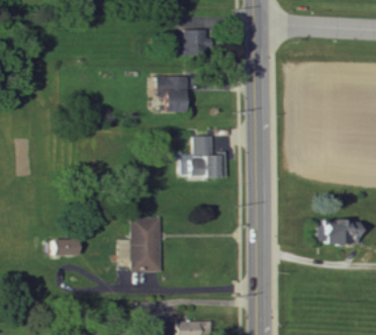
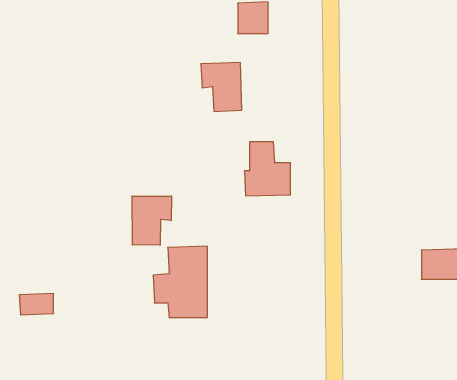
building: none -> [132,196,172,245]
building: [54,238,80,254] -> [19,294,54,315]

